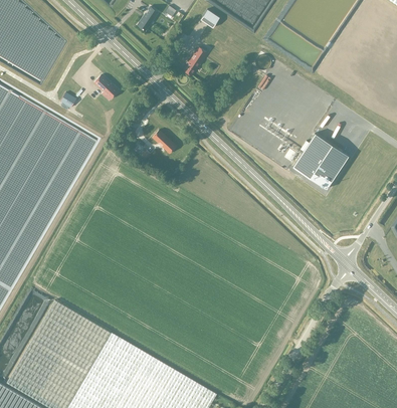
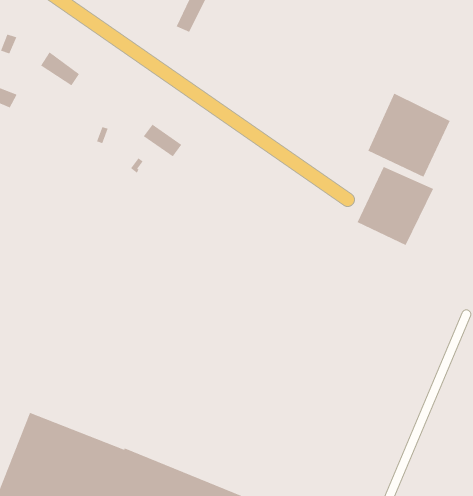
building: none -> [357,166,434,246]

